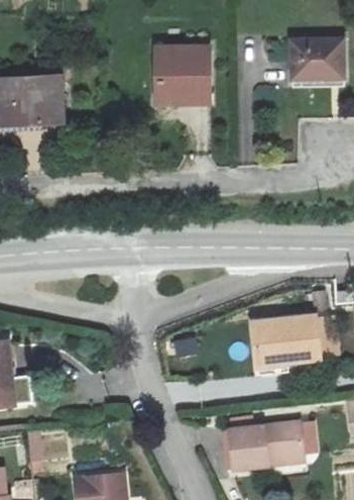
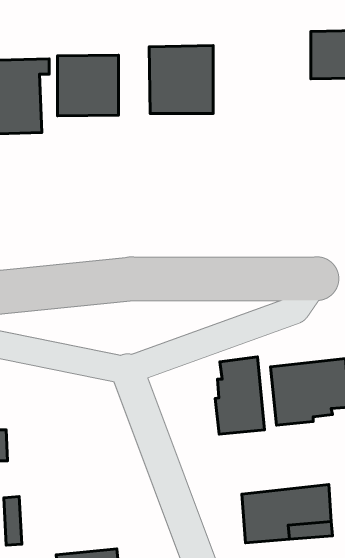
building: none -> [57,55,119,116]
building: none -> [215,357,264,434]

